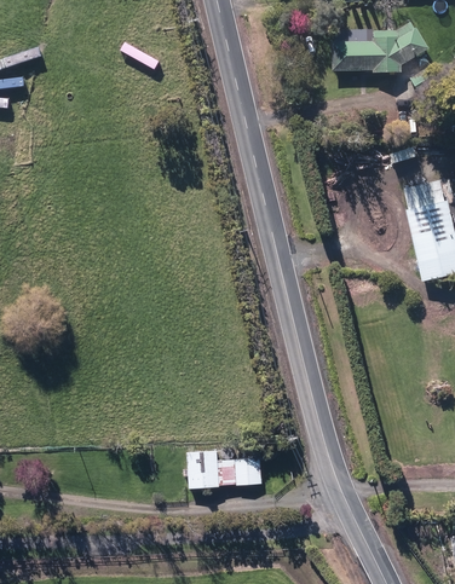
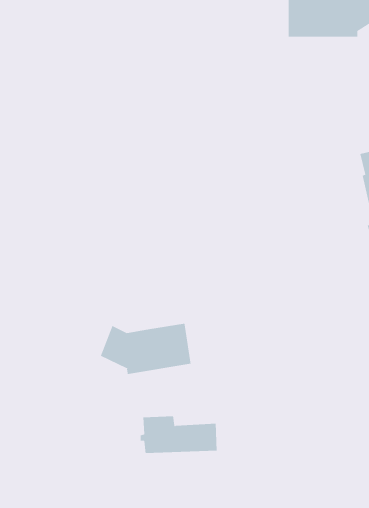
building: none -> [100,323,191,375]

